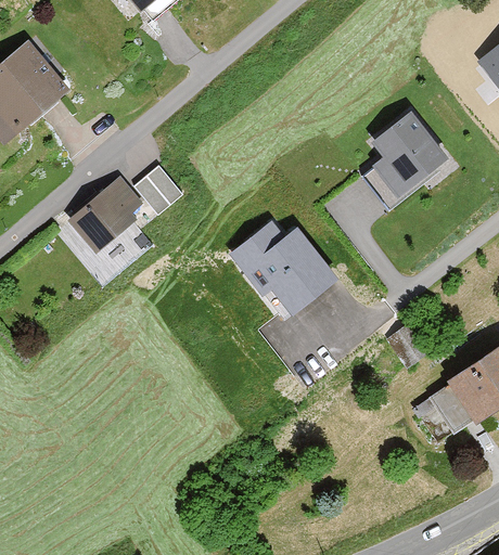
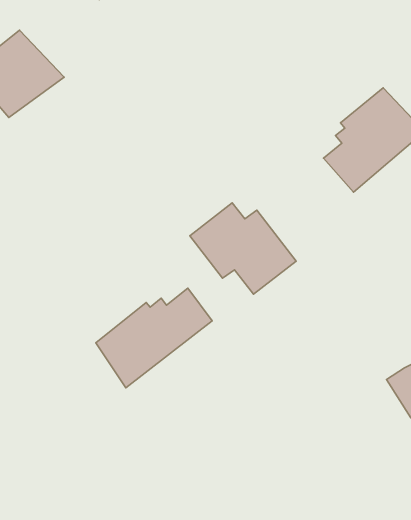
building: [75,178,164,269] -> none
building: none -> [96,288,212,388]

